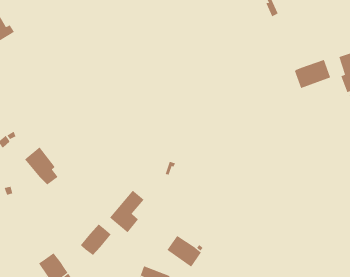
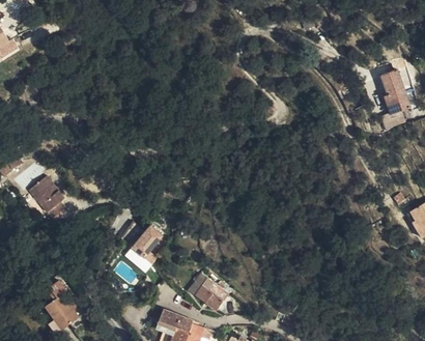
building: [294,59,331,89] -> none
building: [80,223,112,256] -> none

